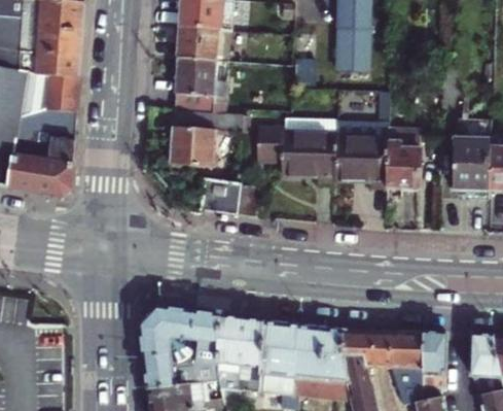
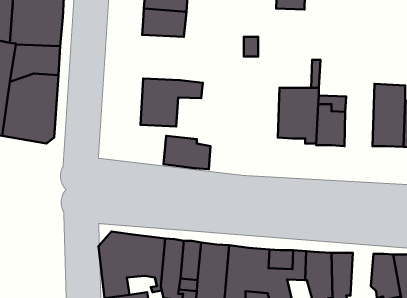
building: [338,31,375,83] -> none
building: [177,63,230,113] -> none
building: [263,123,346,189] -> none

